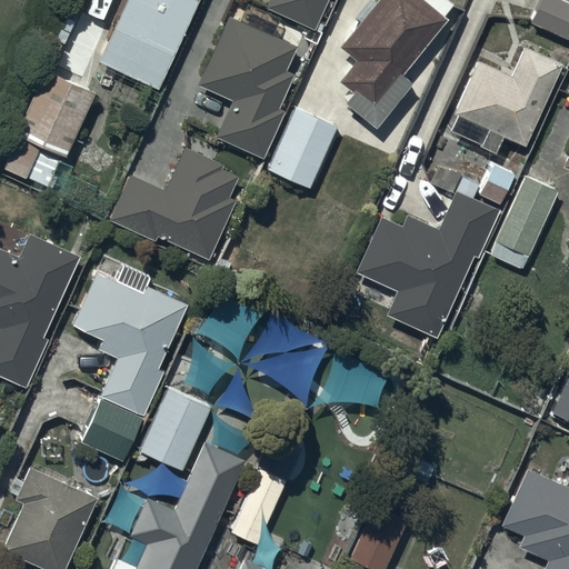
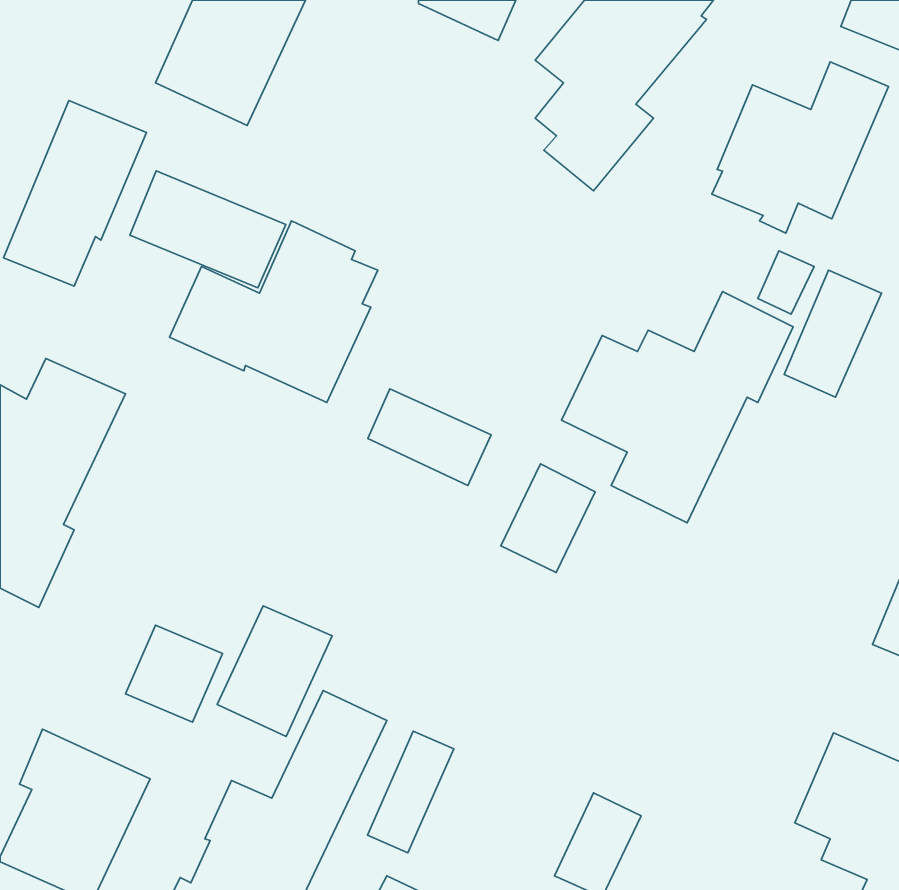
building: [198,17,298,159] -> none
building: [268,110,338,190] -> none
building: none -> [130,171,286,288]
building: none -> [368,389,491,486]
building: [73,266,188,417] -> none
building: none -> [501,464,595,573]

